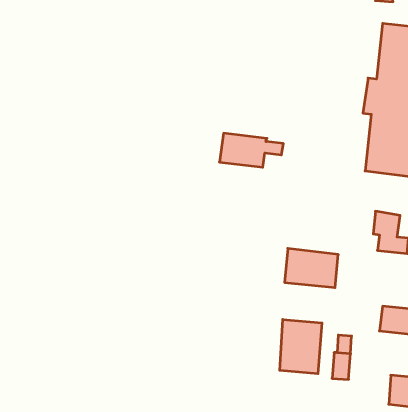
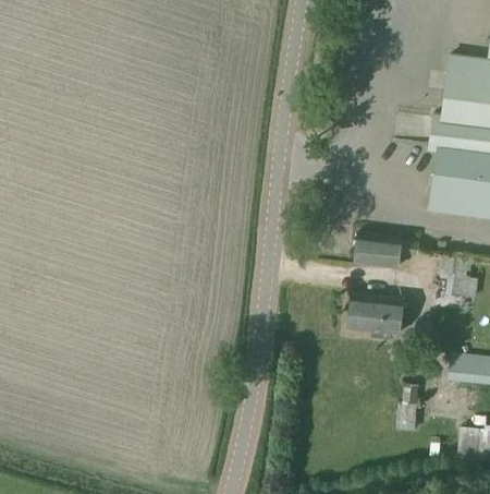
building: [219,133,283,167] -> [352,232,419,268]
building: [280,319,322,374] -> none

